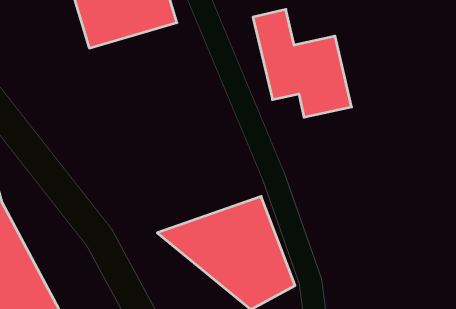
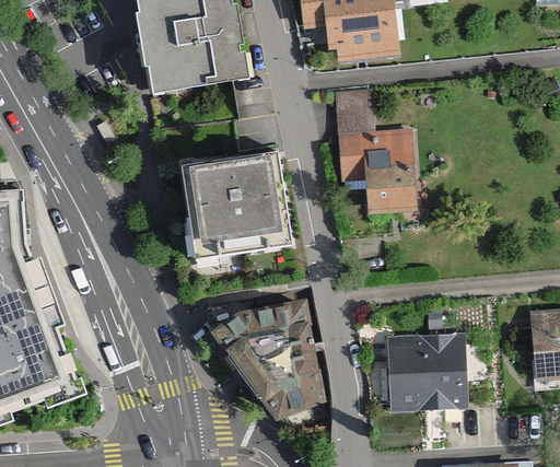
building: none -> [179,153,290,269]
building: none -> [387,334,465,411]

